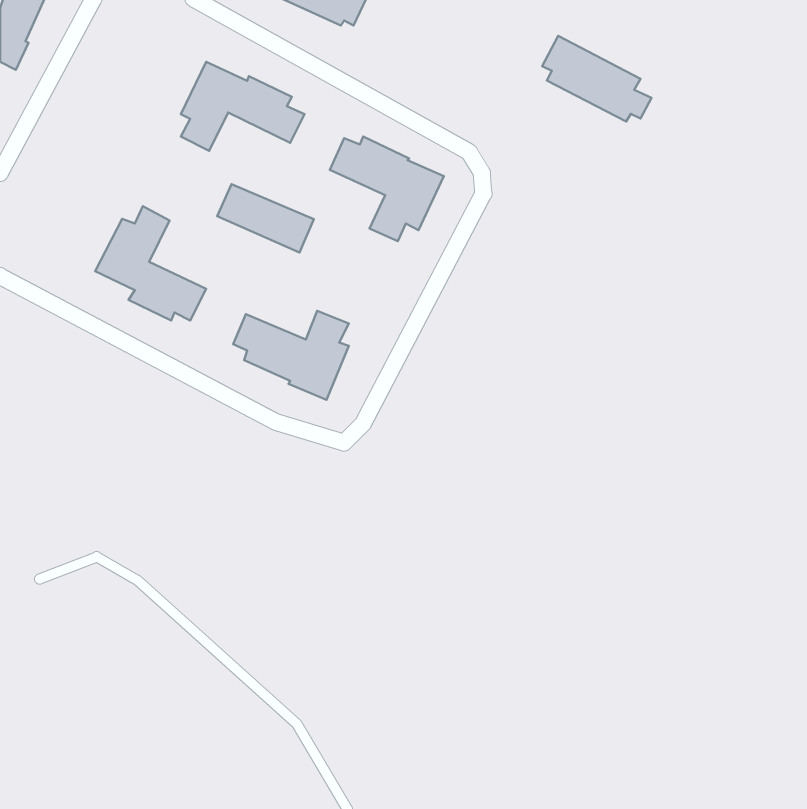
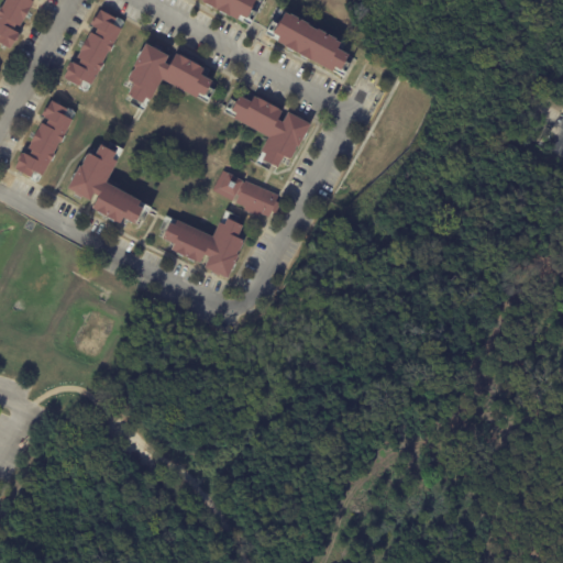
building: none -> [64,9,120,86]
building: [542,36,652,122] -> [274,11,350,70]
building: none -> [14,100,71,176]
building: [217,184,314,252] -> [212,170,279,218]

